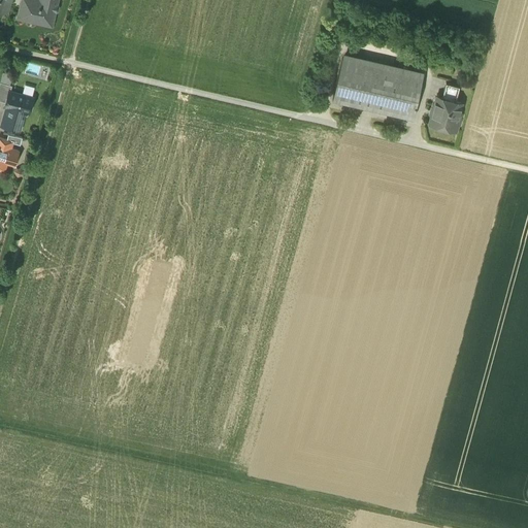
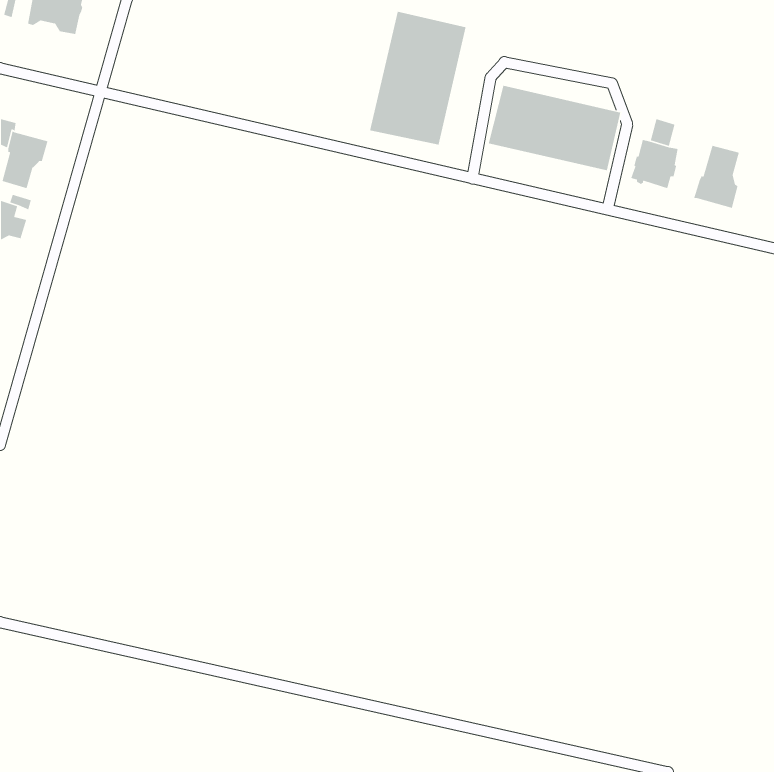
building: none -> [369,11,467,145]
building: none -> [693,145,740,209]

